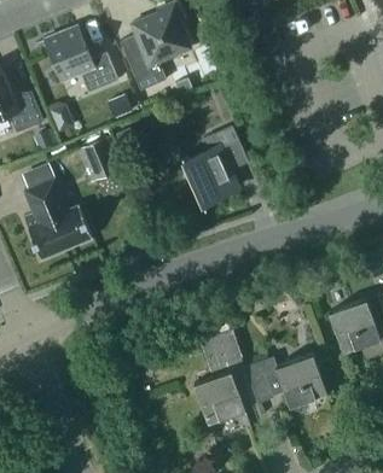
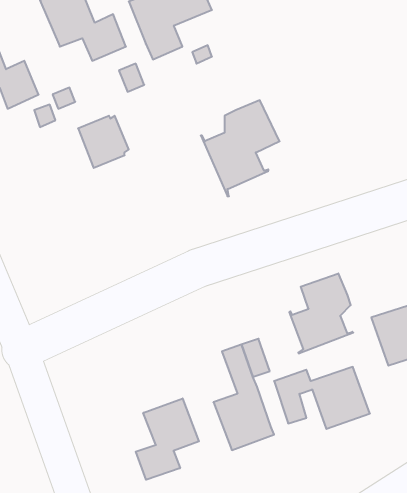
building: [23,177,92,259] -> none
building: none -> [289,273,353,354]
building: none -> [136,398,199,480]

